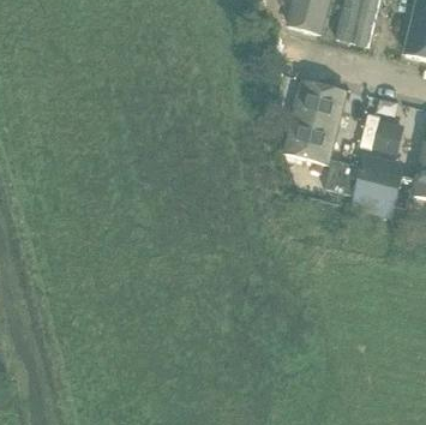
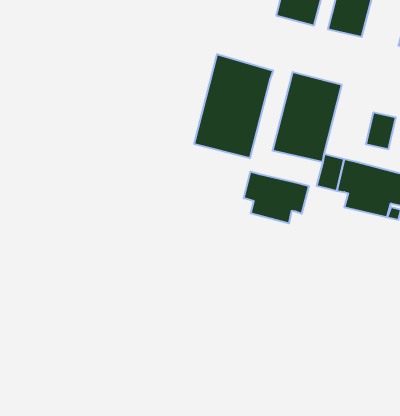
building: none -> [194,54,273,158]
building: none -> [244,172,309,223]

